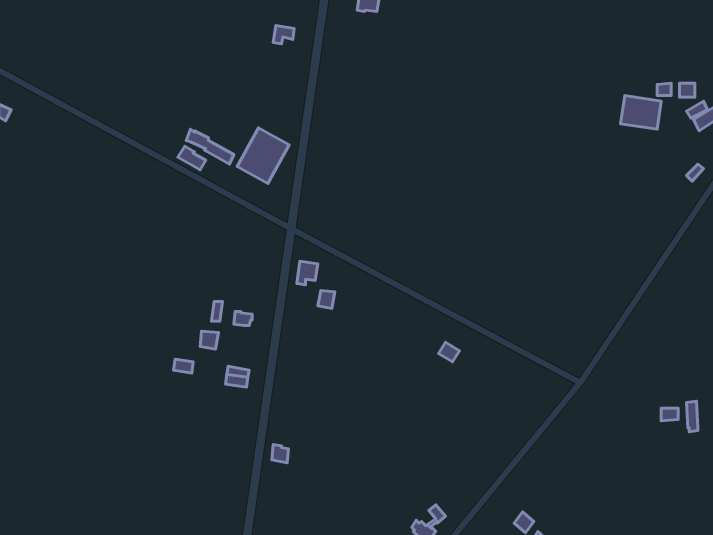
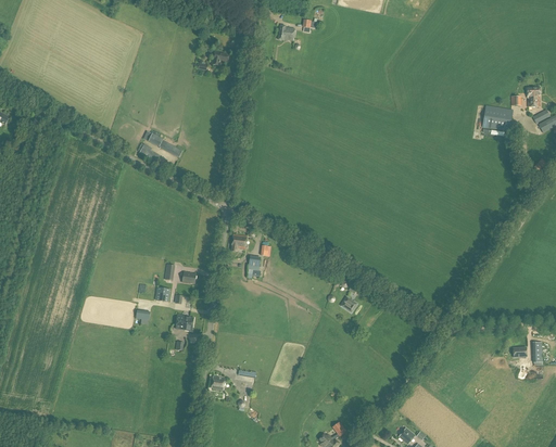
building: [237,128,289,184] -> none

